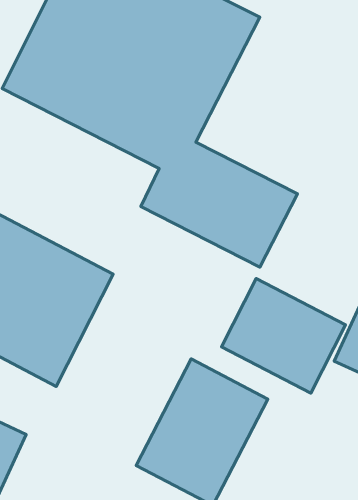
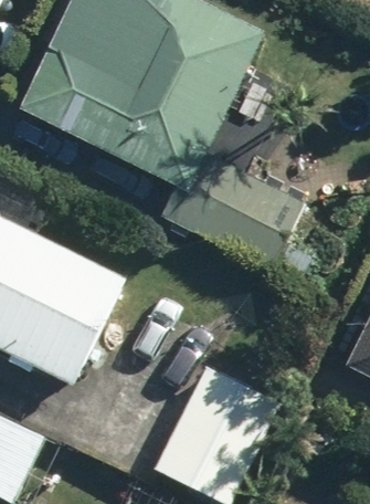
building: [221,279,346,393] -> none

